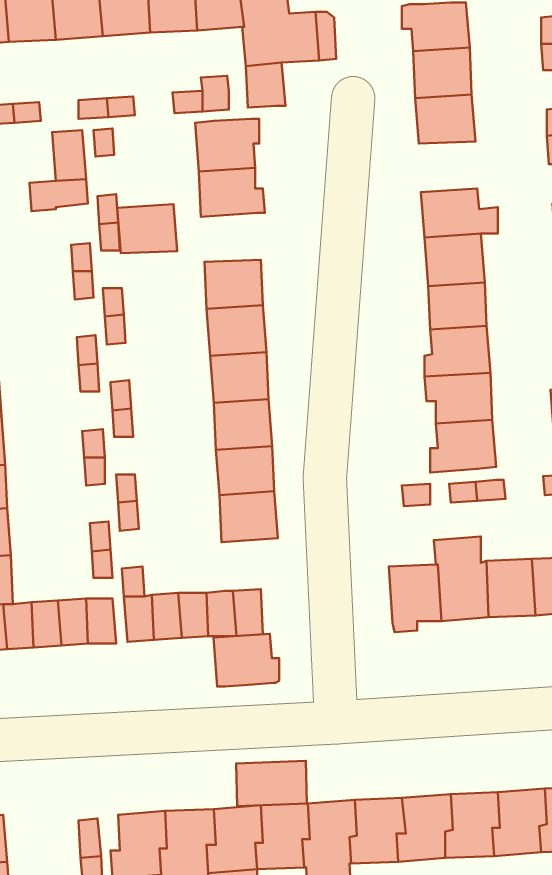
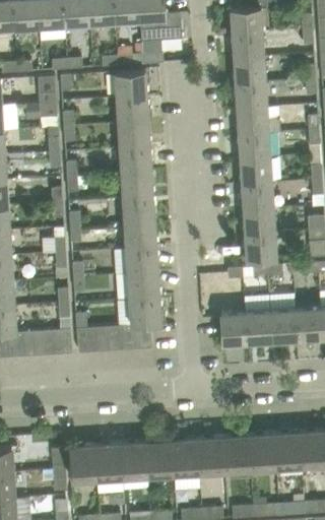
building: none -> [236,82,267,110]
building: [117,204,177,253] -> [118,121,150,147]
building: [213,634,279,687] -> [129,297,165,325]
building: [236,761,307,806] -> none

